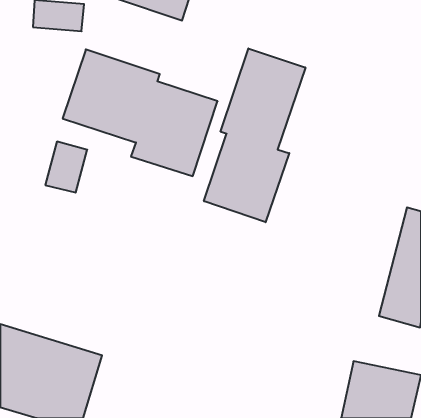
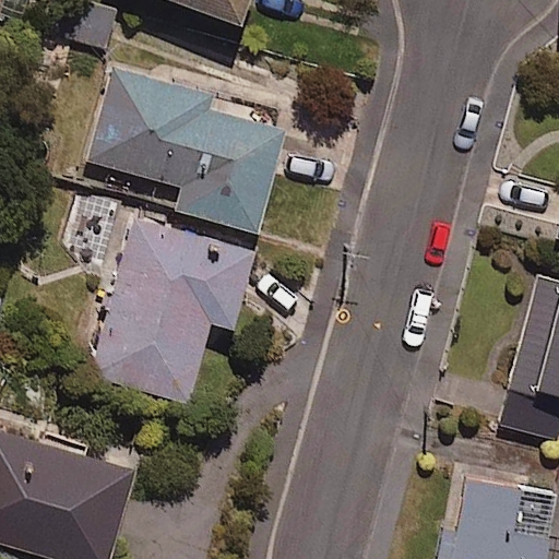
building: [204,48,305,222] -> none
building: none -> [85,216,255,400]

